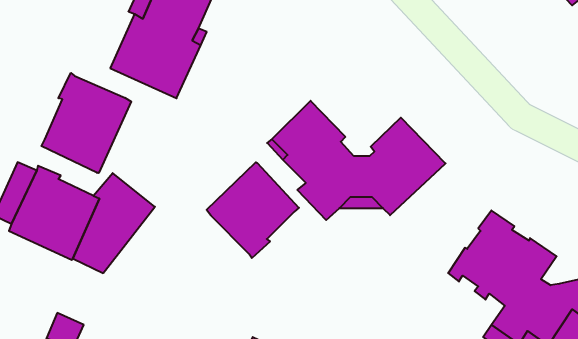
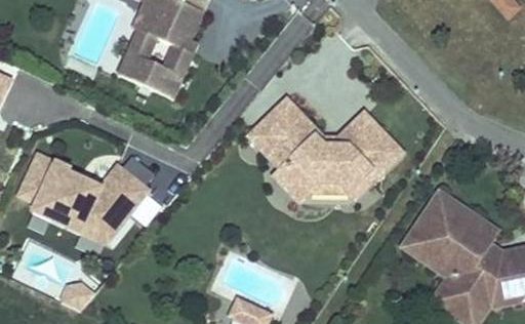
building: [41,73,131,173] -> none
building: [207,162,299,258] -> none

